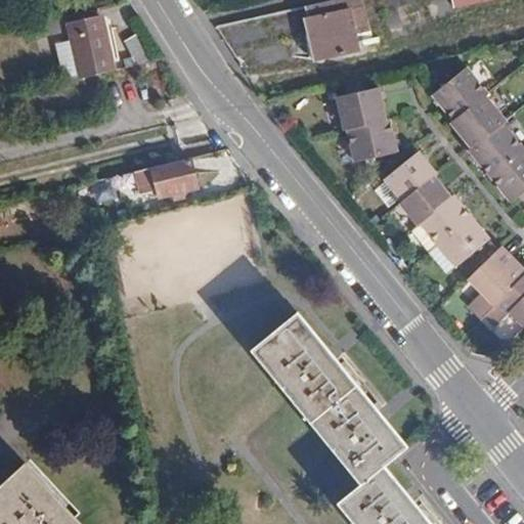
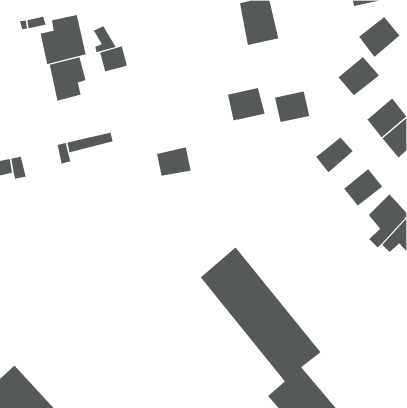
building: none -> [99,46,128,72]
building: none -> [49,56,86,101]
building: [339,84,388,127] -> [227,87,266,121]
building: [450,99,505,152] -> [358,16,400,58]
building: [387,150,438,200] -> none
building: [151,158,196,195] -> [156,147,191,176]
building: [422,193,472,243] -> none

